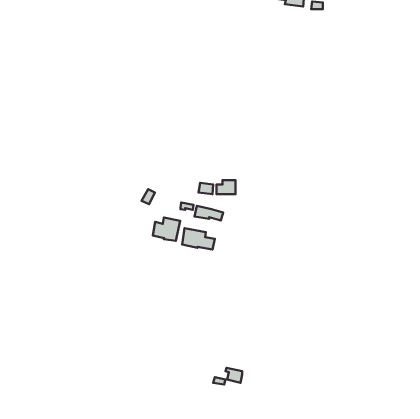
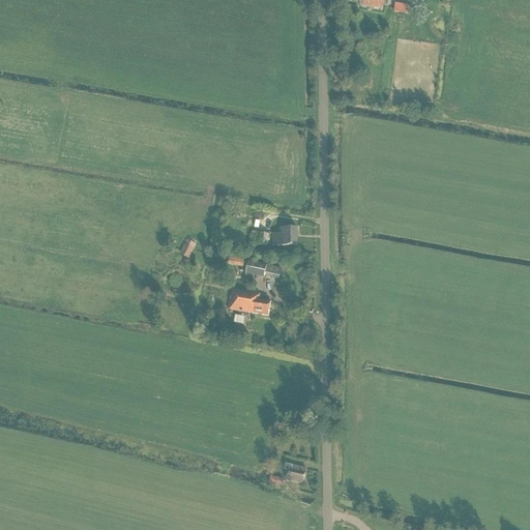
building: [153,218,180,241] -> none

